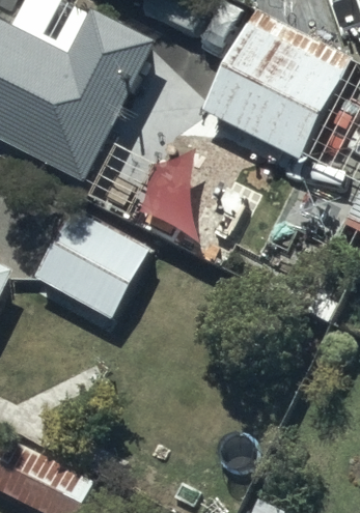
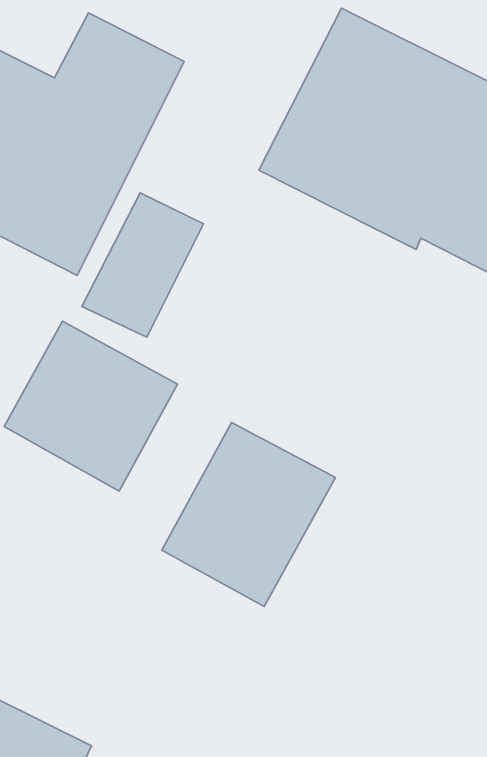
building: none -> [162,422,336,607]

